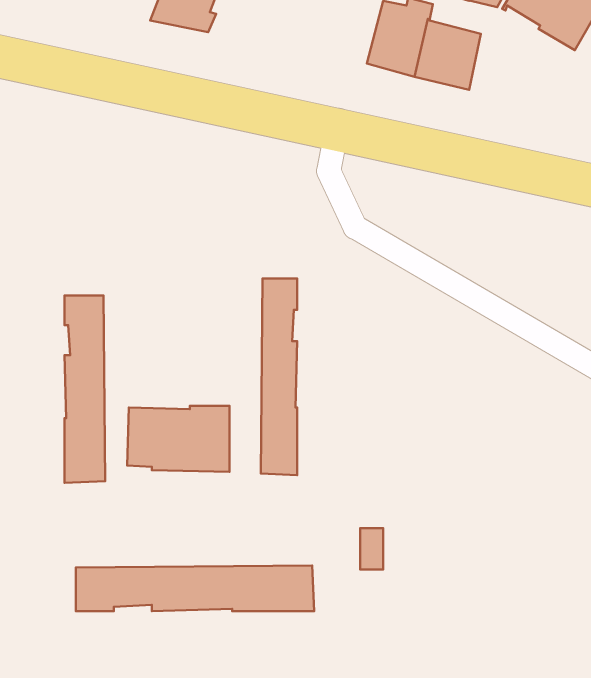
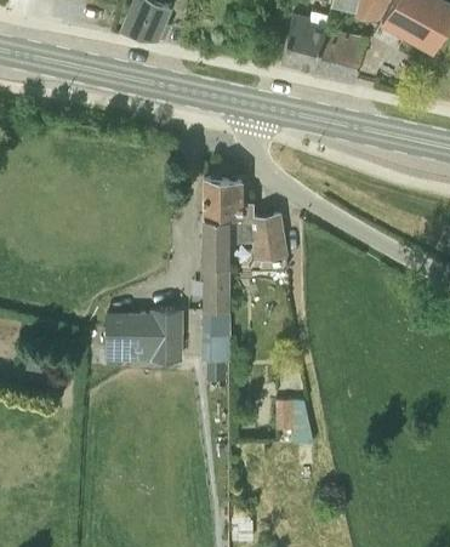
building: none -> [205,178,286,261]
building: [64,295,105,483] -> none
building: [76,566,314,611] -> none

